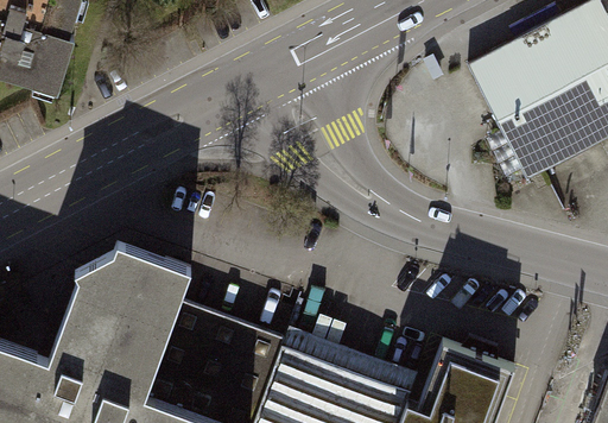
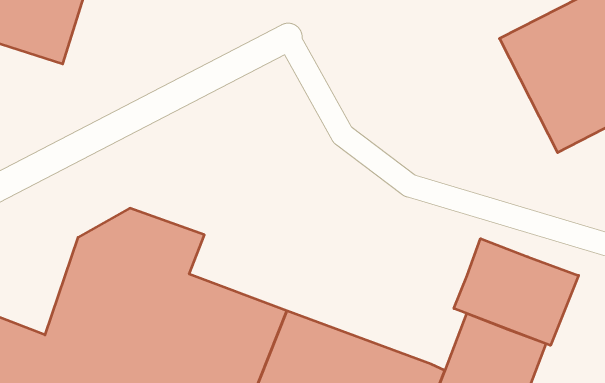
building: none -> [454,239,579,345]

